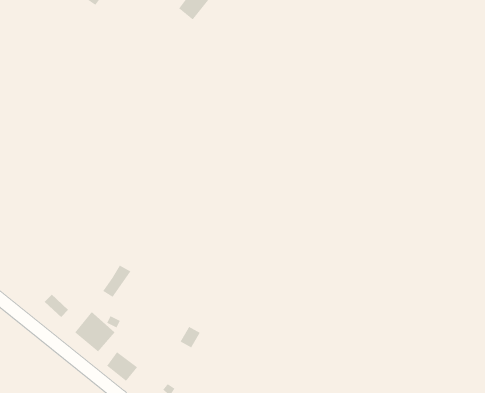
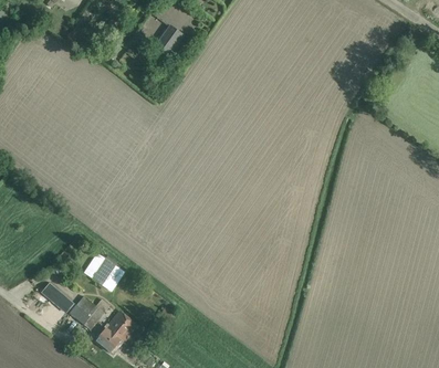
building: none -> [104,311,136,341]

